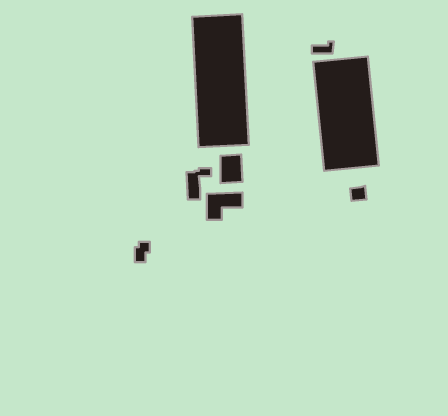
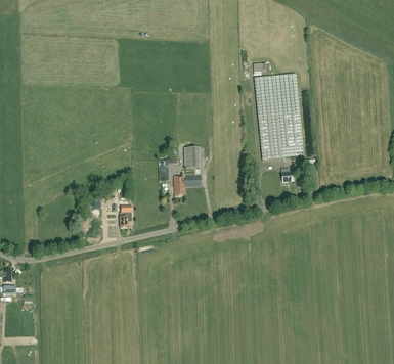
building: [192,14,249,147] -> none

